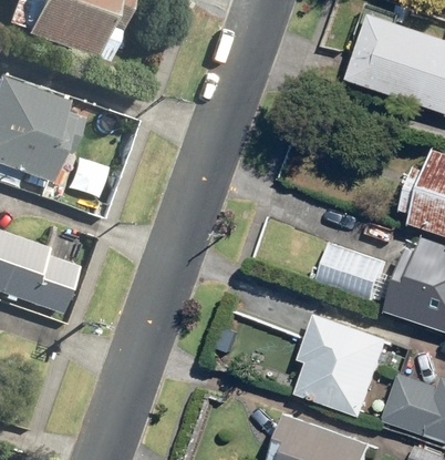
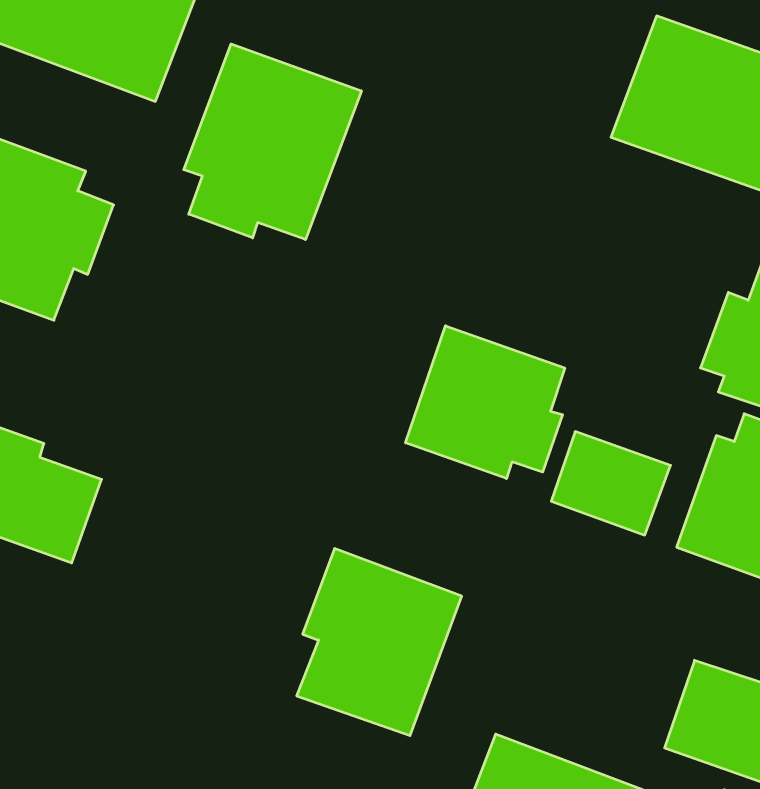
building: none -> [184,44,361,240]
building: none -> [406,326,565,479]
building: [299,311,391,416] -> [297,549,462,736]

